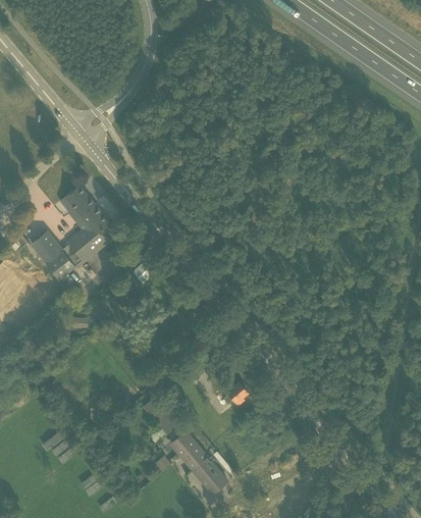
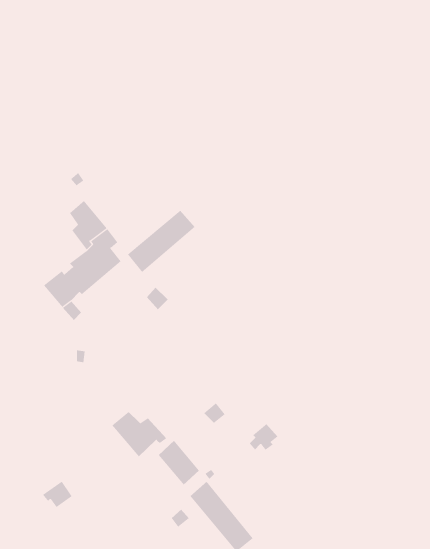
building: none -> [127,210,195,273]
building: [31,230,59,259] -> none
building: none -> [112,411,167,457]

